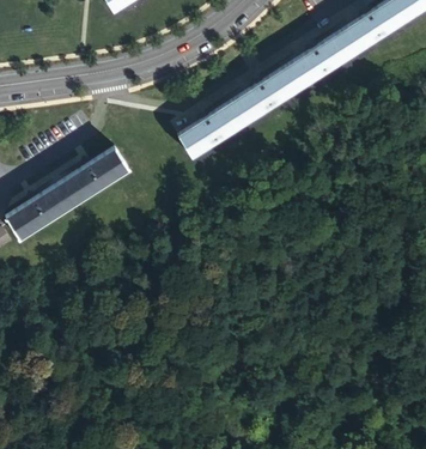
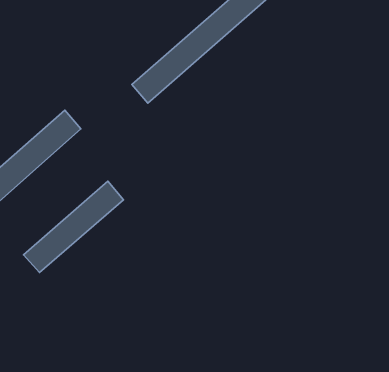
building: none -> [24,181,123,272]

